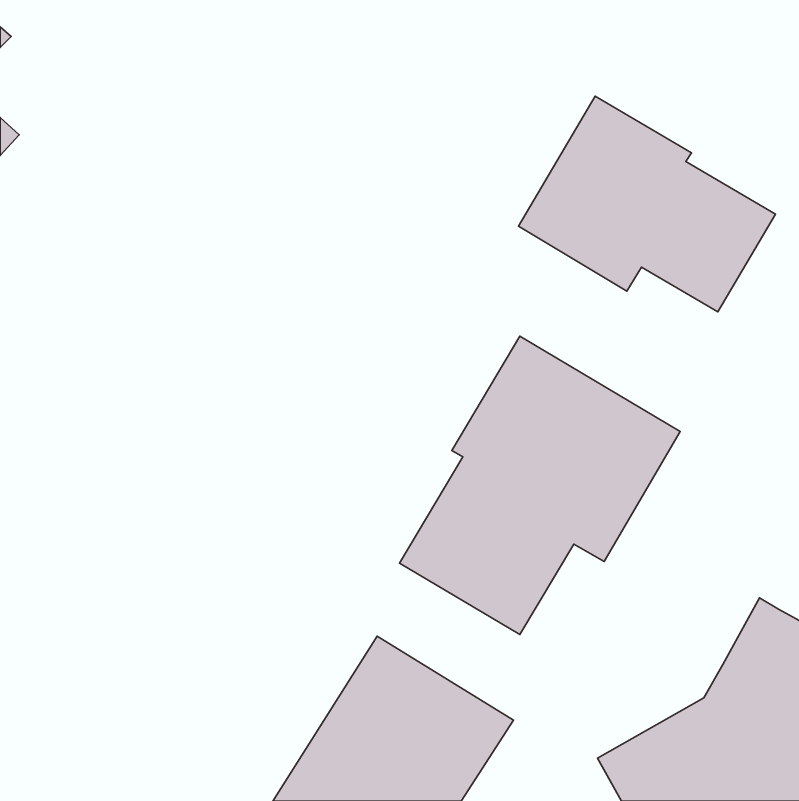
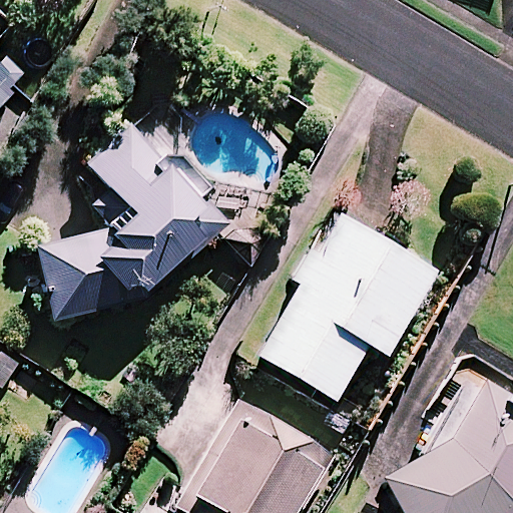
building: [518,96,775,312] -> none
building: none -> [37,124,220,321]

